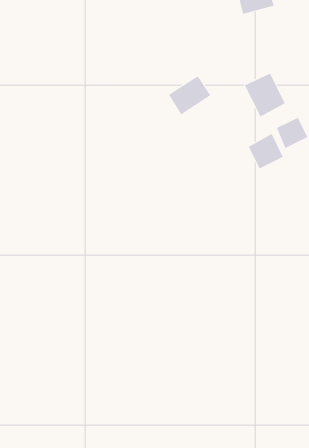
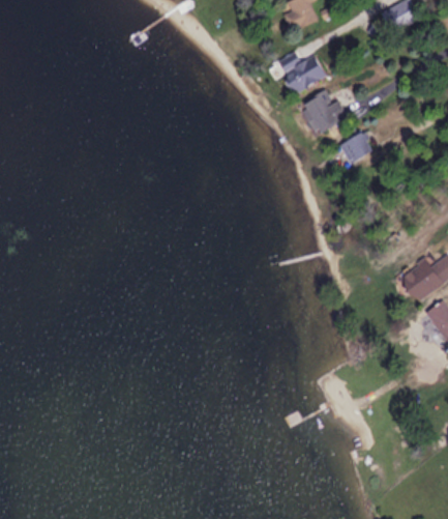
building: [168,76,211,115] -> [280,54,325,96]
building: [248,133,283,169] -> none

